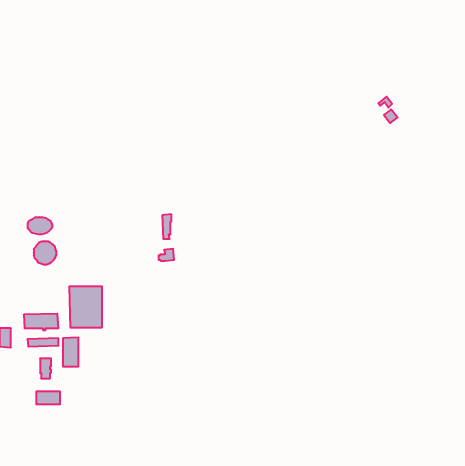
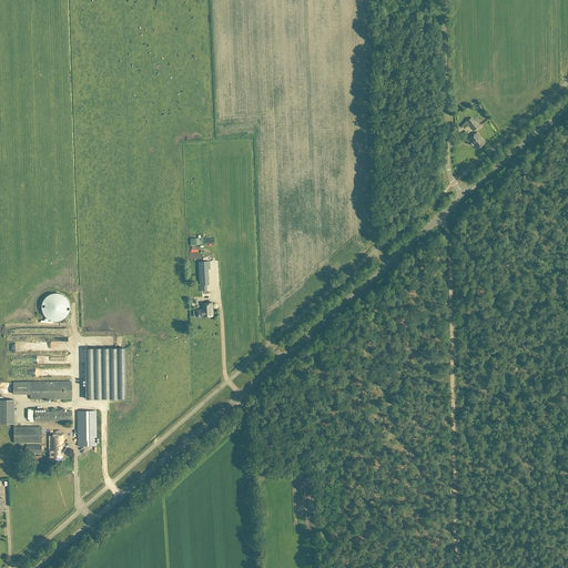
building: [28,217,52,234] -> none
building: [36,391,60,404] -> [12,427,41,443]

